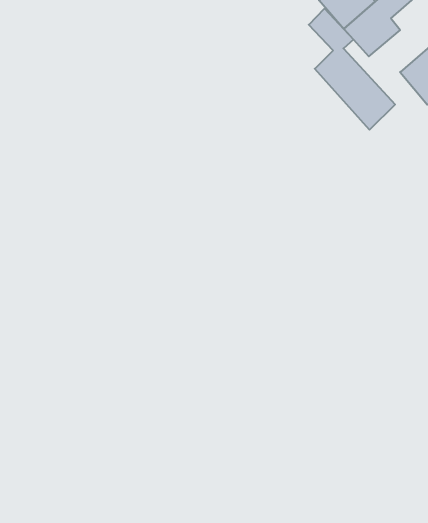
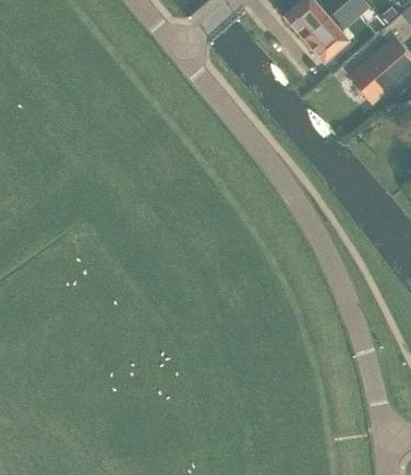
building: [309,9,395,130] -> none

